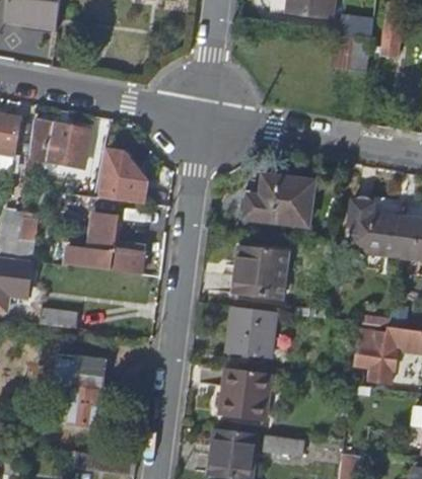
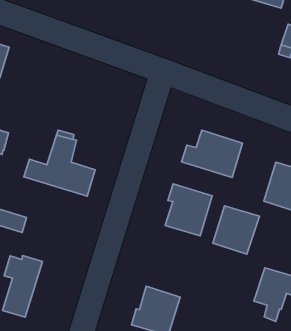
building: [29,122,89,163] -> none
building: [101,148,145,202] -> none
building: [227,307,276,358] -> [213,206,260,254]

